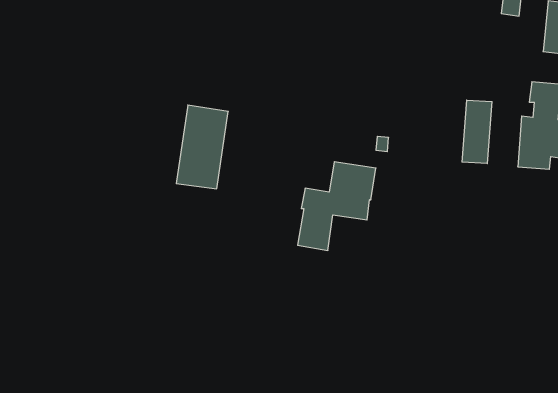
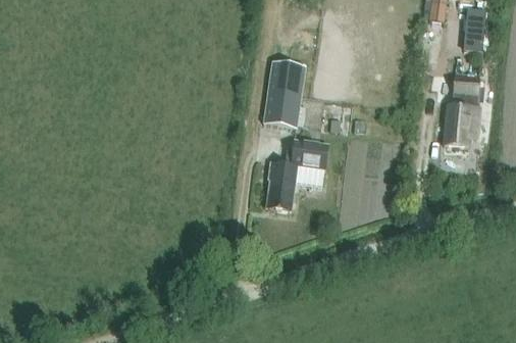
building: [462,100,492,164] -> none
building: [176,105,228,189] -> [263,60,305,128]

